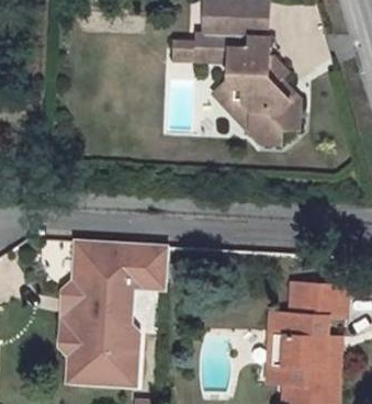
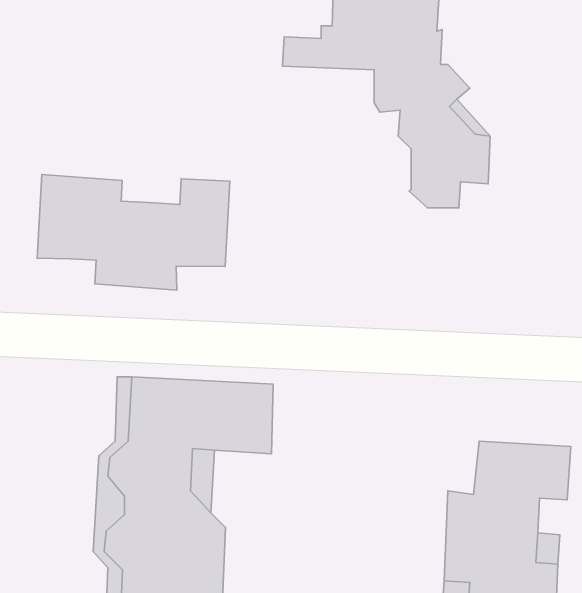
building: [212,79,250,133] -> none
building: none -> [37,175,230,290]

